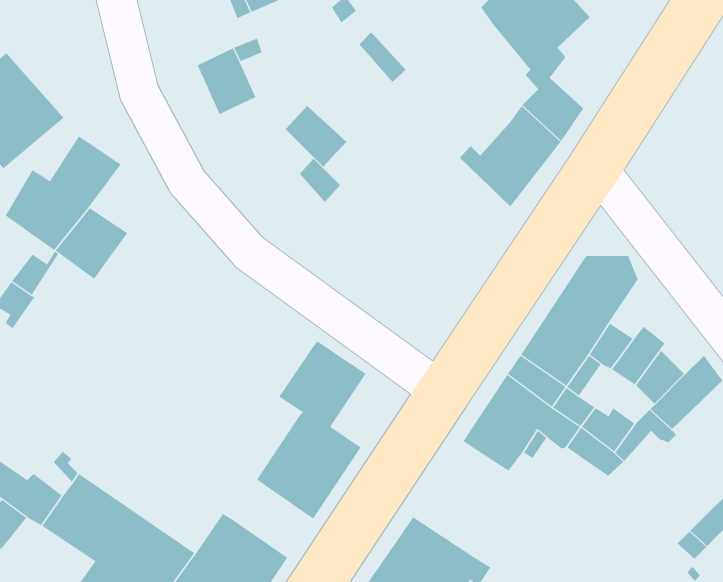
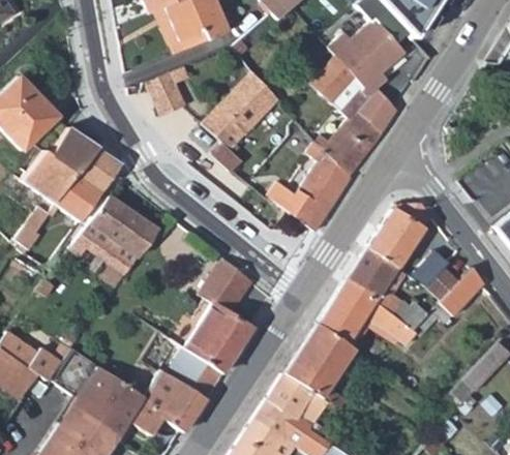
building: none -> [311,56,366,119]
building: none -> [217,73,274,131]
building: none -> [265,141,351,233]
building: none -> [77,146,121,190]
building: none -> [69,194,155,286]
building: none -> [286,325,357,399]
building: none -> [168,350,221,400]

